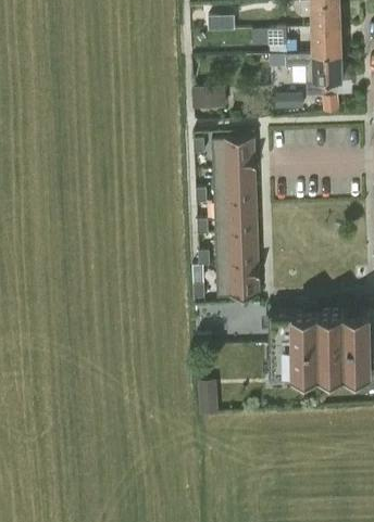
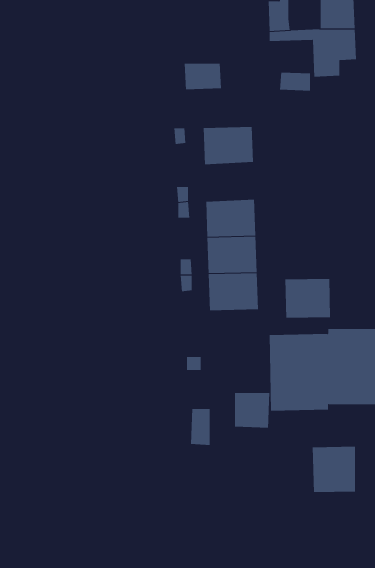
building: [213,171,257,205] -> none
building: none -> [285,278,331,318]
building: none -> [234,392,270,428]
building: none -> [312,446,355,493]

